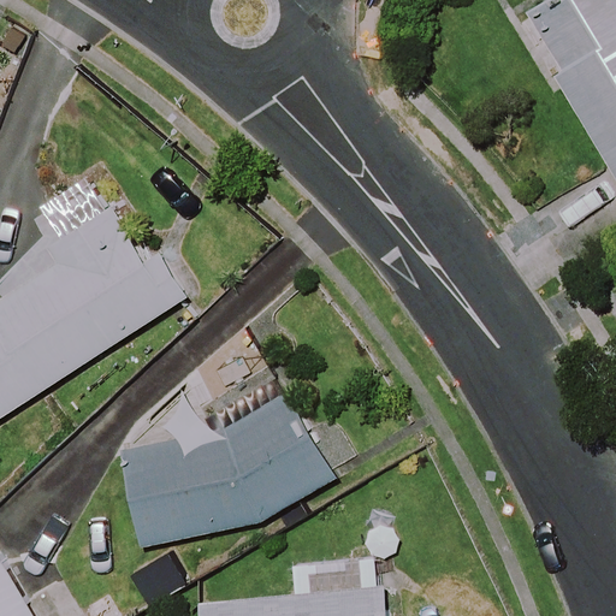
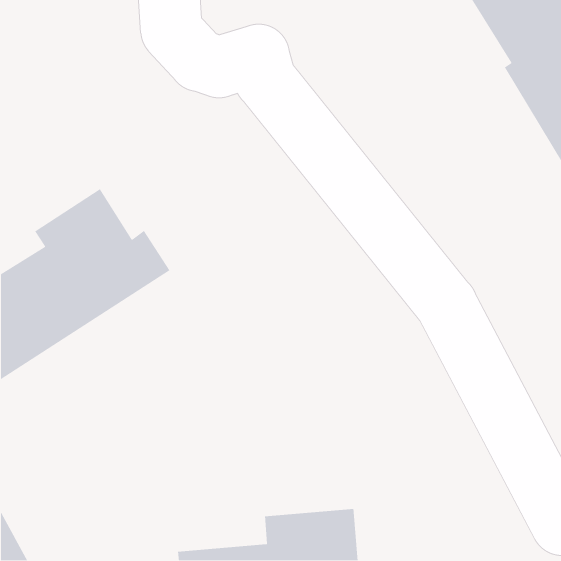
building: [108,393,338,549] -> none

